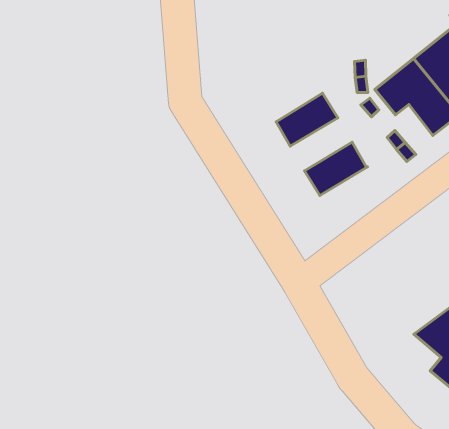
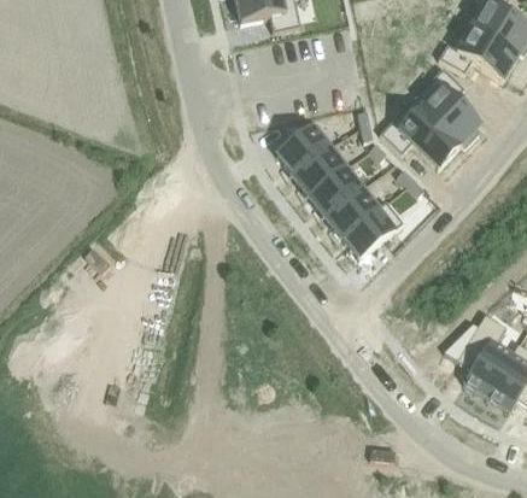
building: none -> [277,124,333,176]
building: none -> [310,165,365,217]
building: none -> [342,203,403,259]

